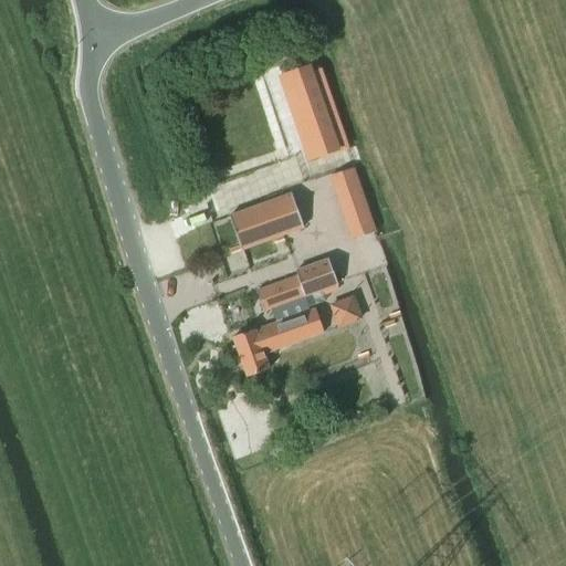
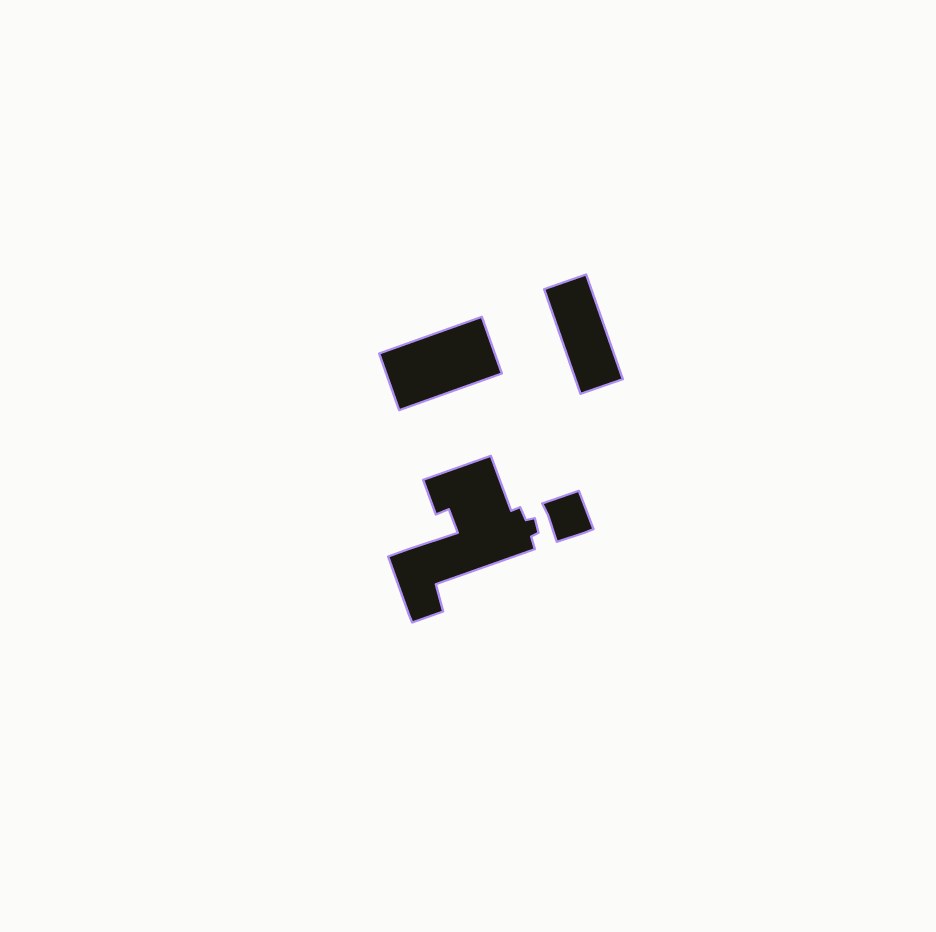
building: [286,72,339,158] -> none
building: [295,256,336,295] -> none

